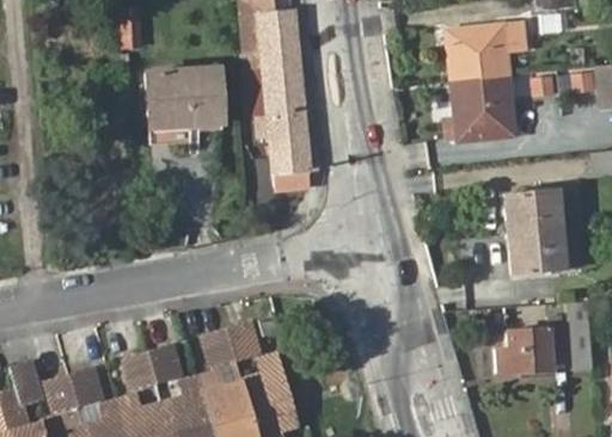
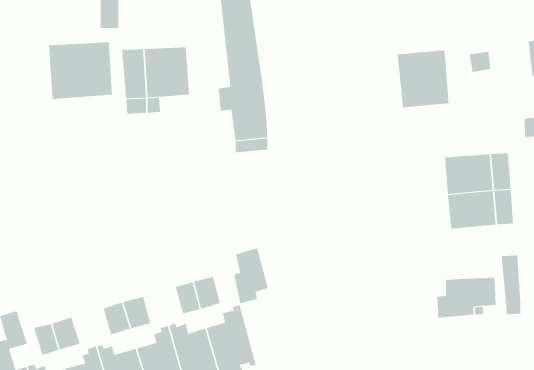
building: [449,23,516,78] -> none
building: none -> [49,41,112,100]
building: none -> [234,248,269,304]

